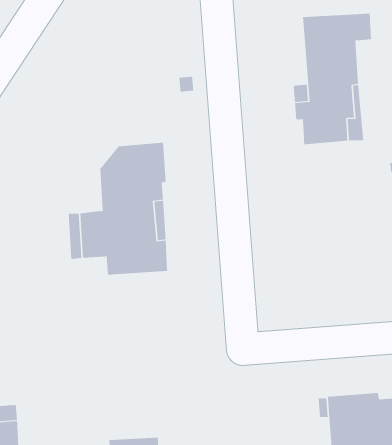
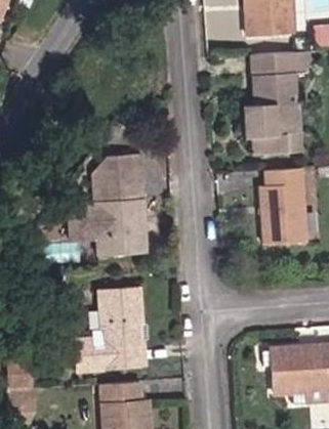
building: none -> [259,167,305,244]
building: none -> [76,287,145,371]

